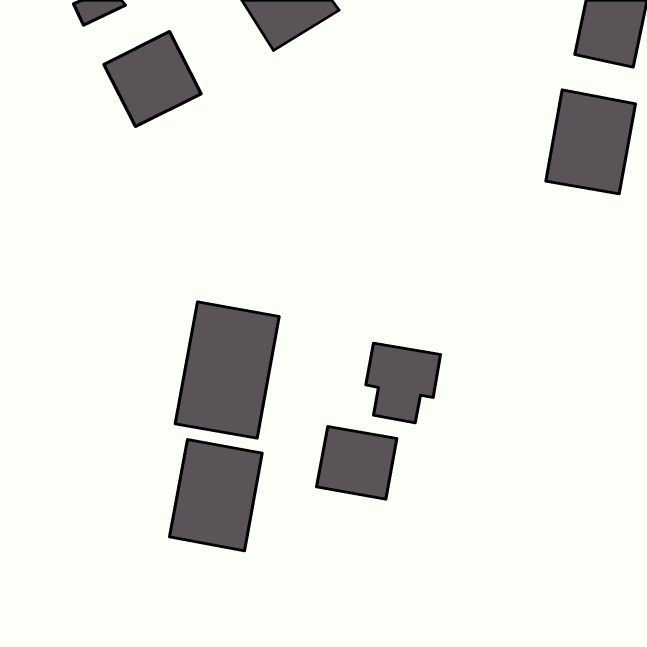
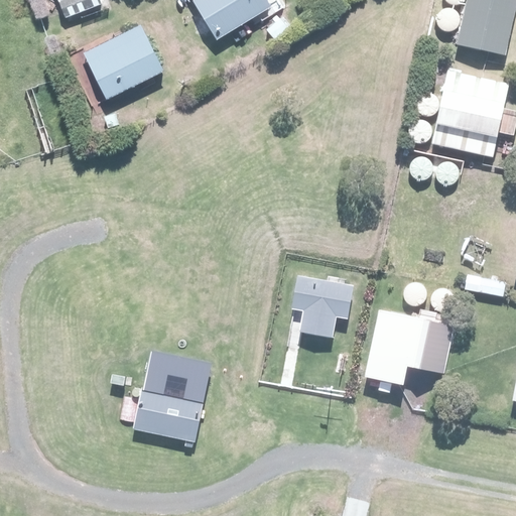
building: [175,302,279,438] -> none
building: none -> [367,310,456,385]
building: [317,426,397,499] -> none

